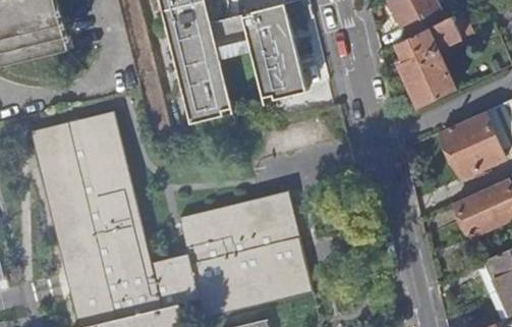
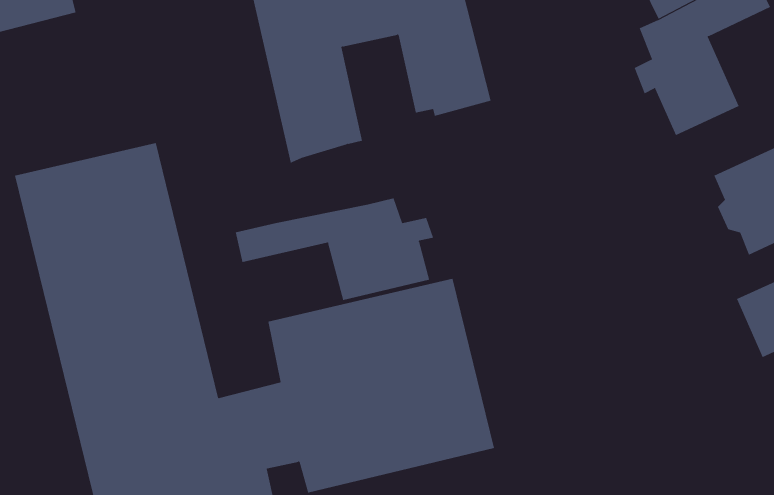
building: none -> [235,198,434,301]

